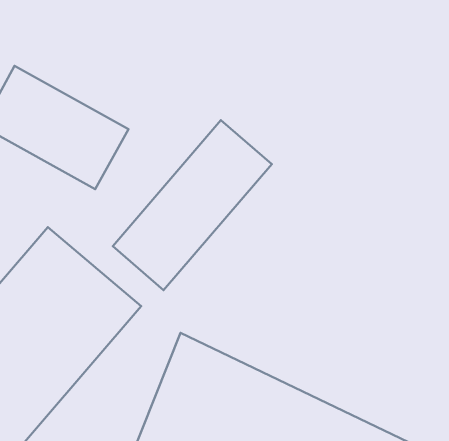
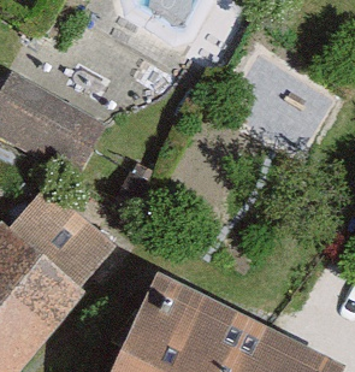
building: [113,120,272,290] -> none

